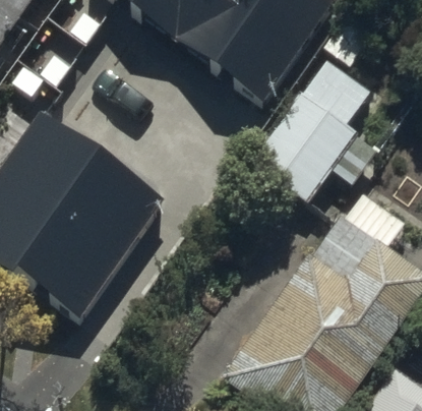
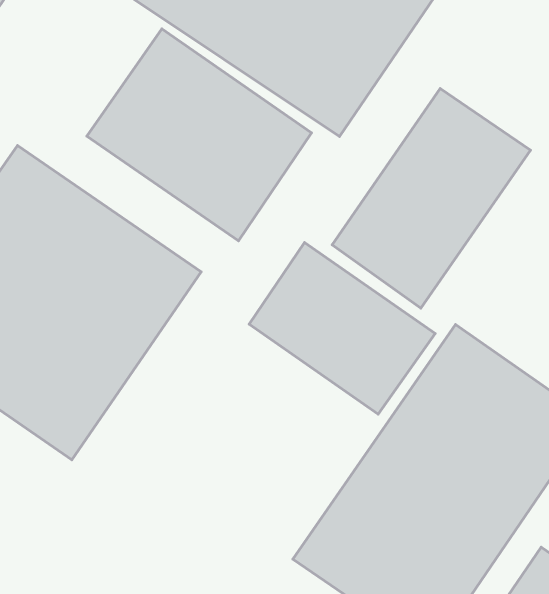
building: none -> [87,29,312,241]
building: none -> [249,243,435,414]

